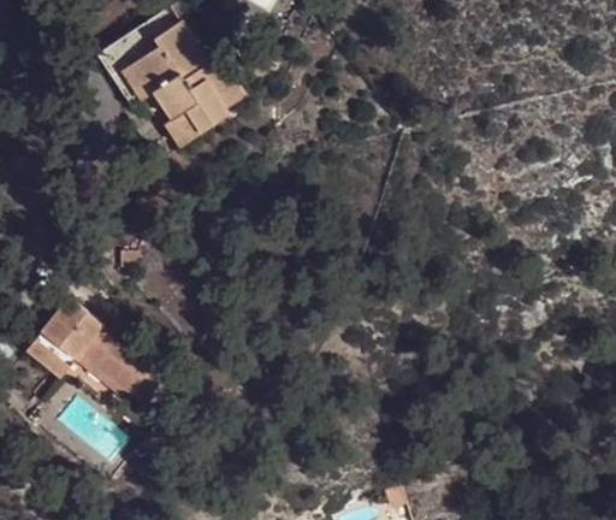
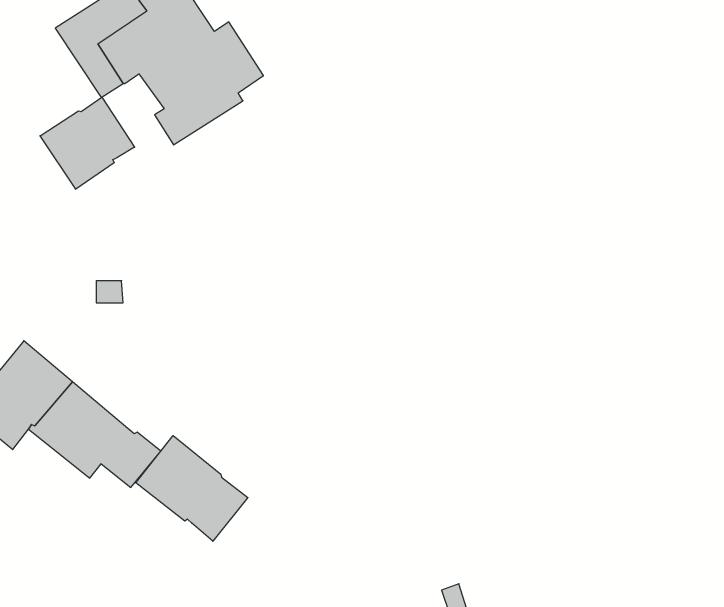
building: none -> [40,97,135,189]
building: none -> [136,436,248,541]

